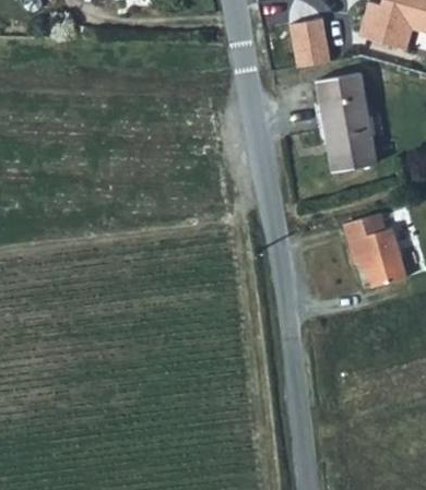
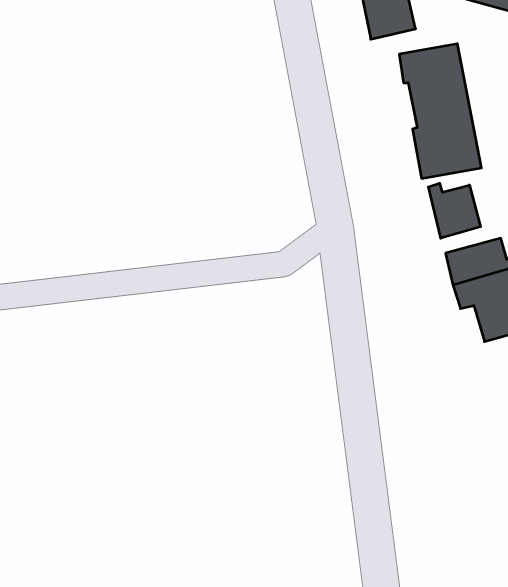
building: none -> [428,183,481,238]

